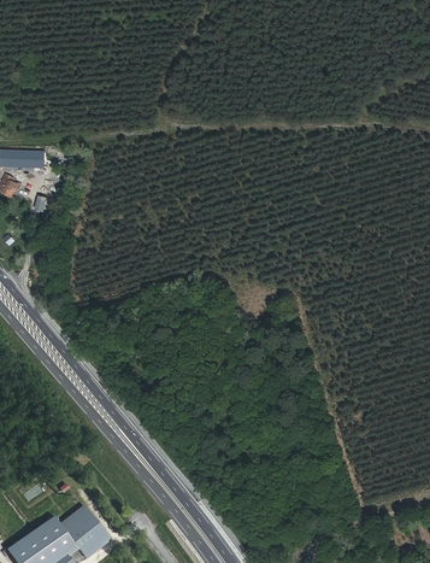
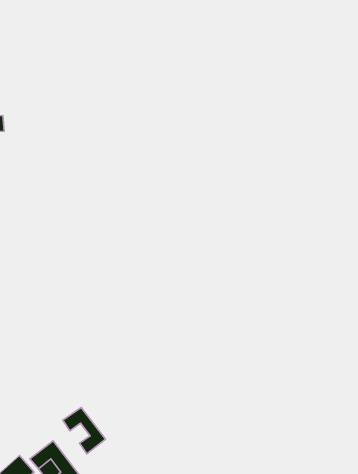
building: none -> [63,407,106,454]

